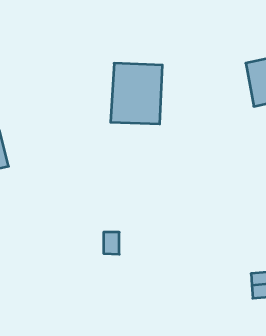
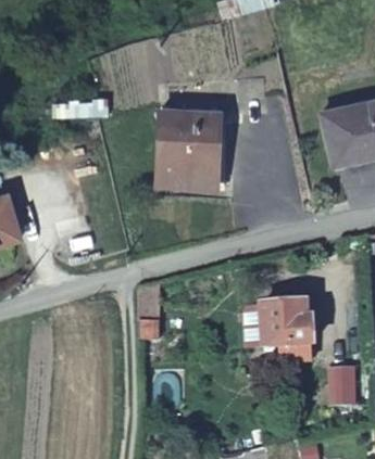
building: none -> [249,295,312,373]

